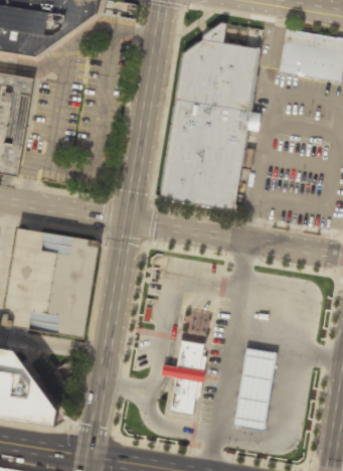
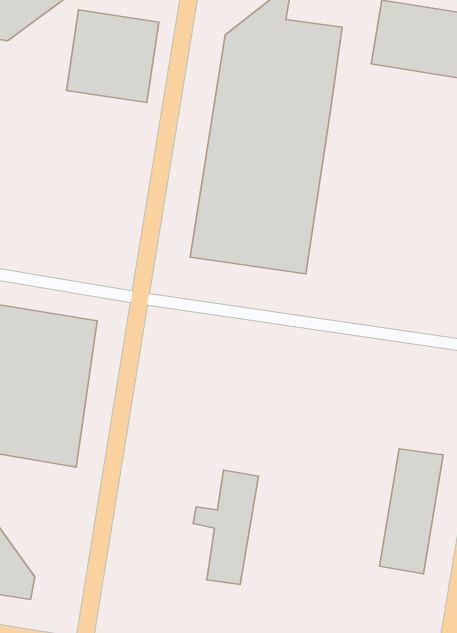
building: none -> [67,10,159,103]
building: [234,347,277,430] -> [379,449,443,574]

